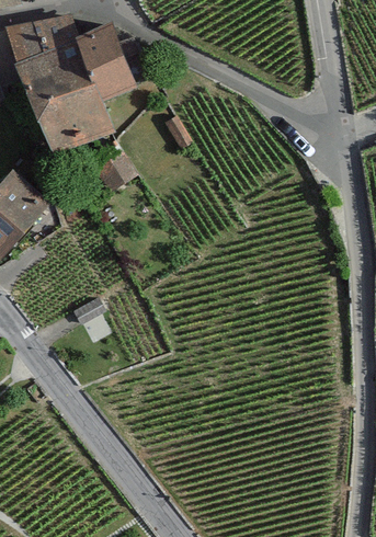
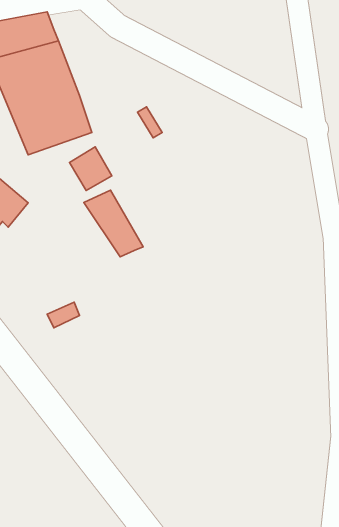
building: [78,18,152,95] -> none
building: none -> [84,190,143,257]

